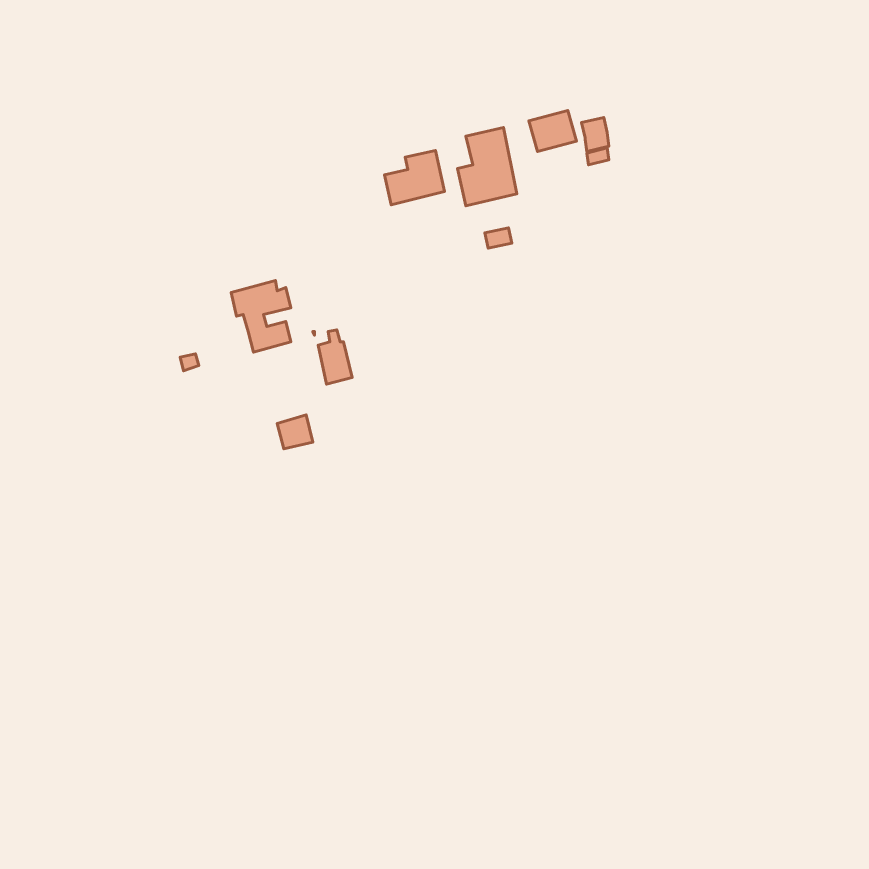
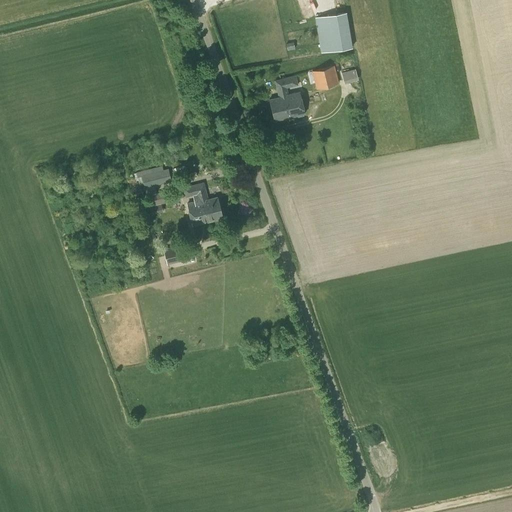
building: none -> [315,12,352,52]
building: [384,150,445,205] -> none
building: none -> [182,183,223,222]

